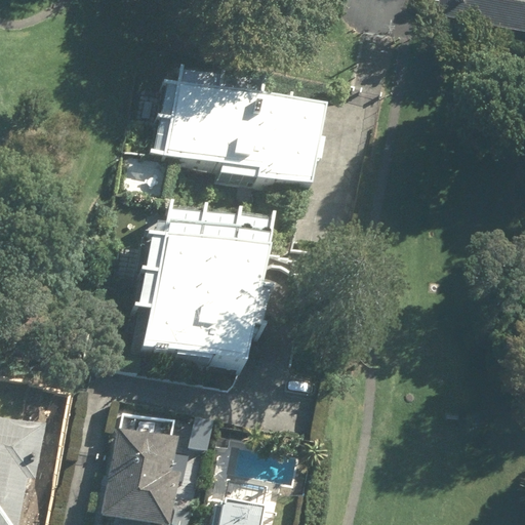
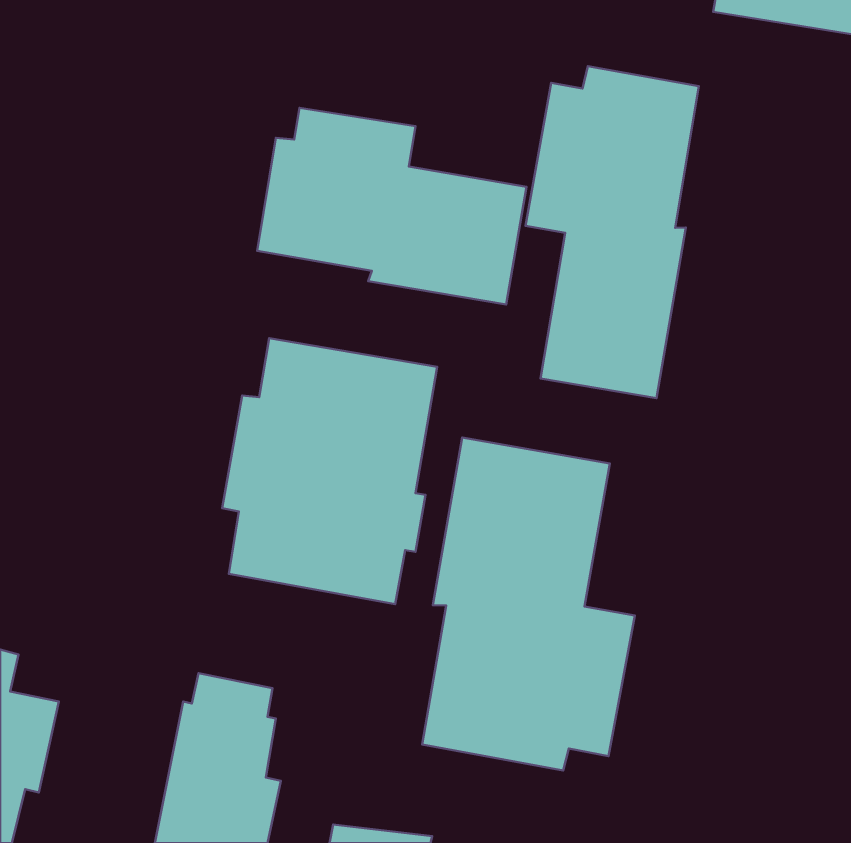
building: none -> [526,66,699,398]
building: none -> [422,437,635,770]

